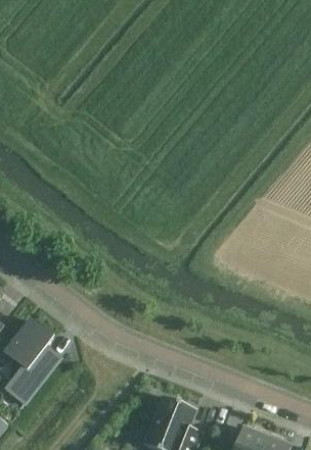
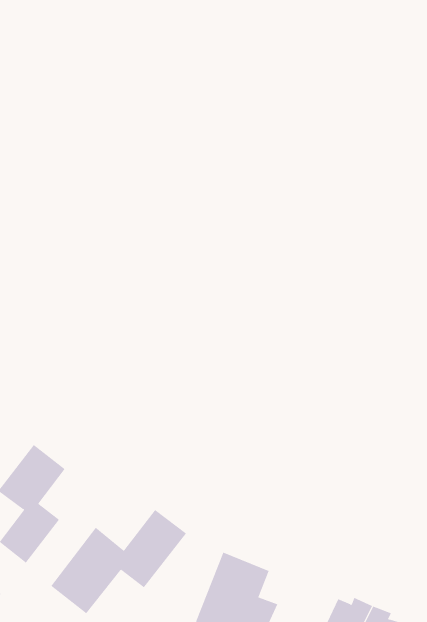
building: none -> [50,509,187,614]

